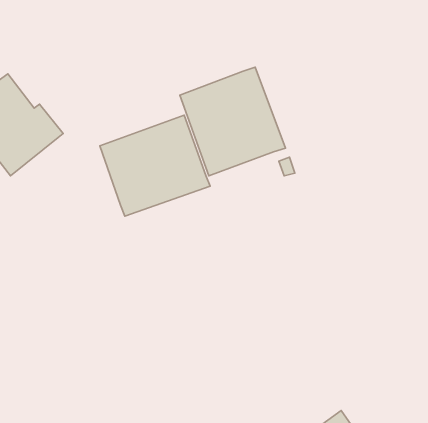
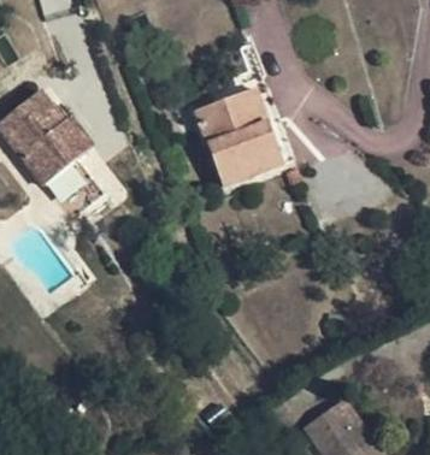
building: [100,115,210,216] -> none

